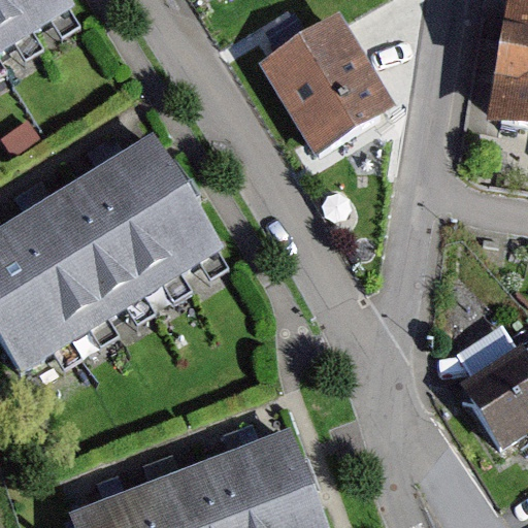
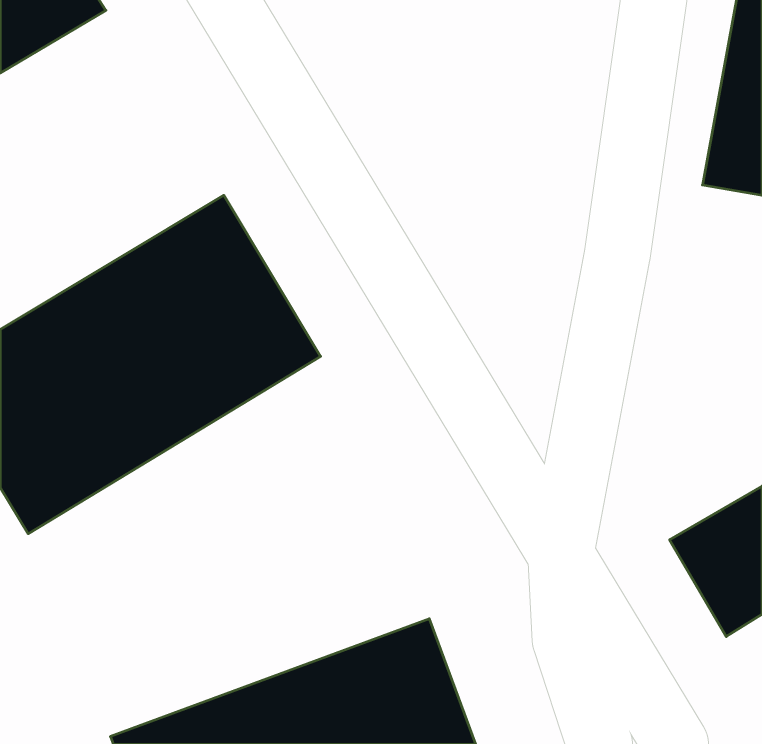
building: [259,18,395,169] -> none

